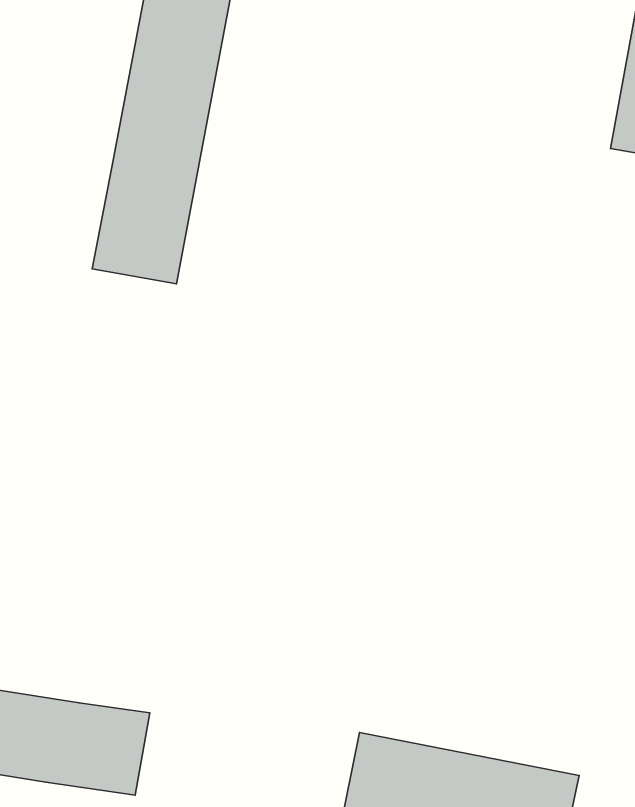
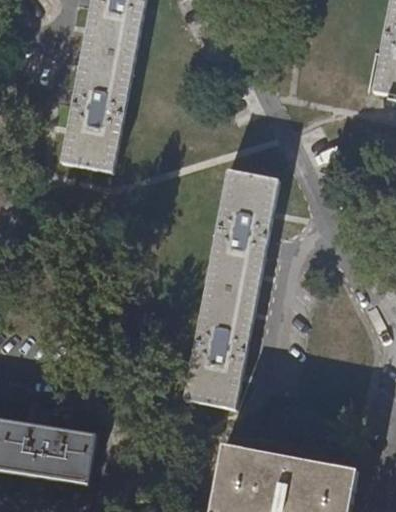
building: none -> [183,170,278,408]

